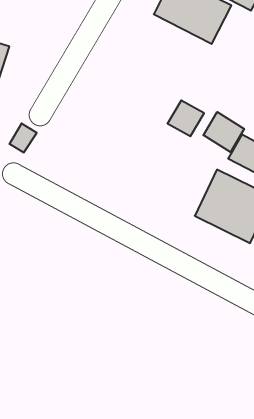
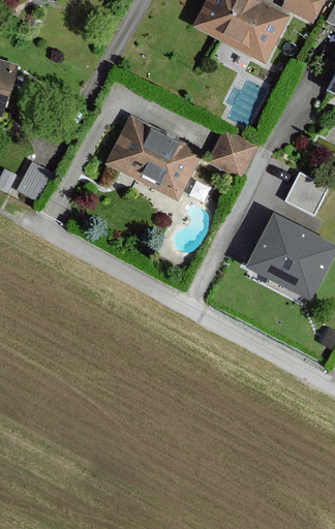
building: none -> [106,117,201,199]
building: [203,112,244,152] -> none

